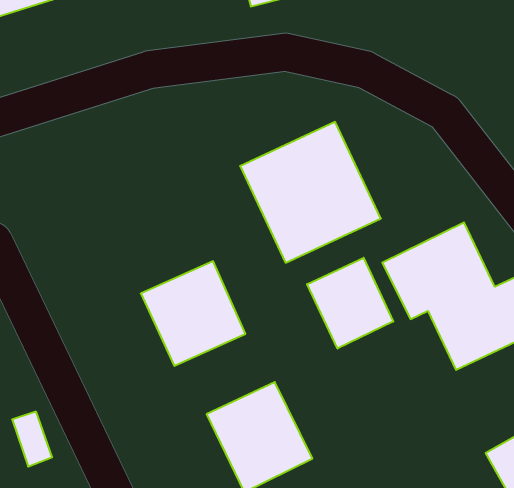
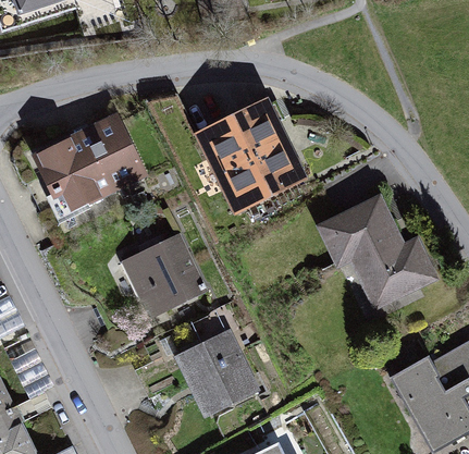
building: none -> [32,115,147,217]
building: [307,258,393,349] -> none

